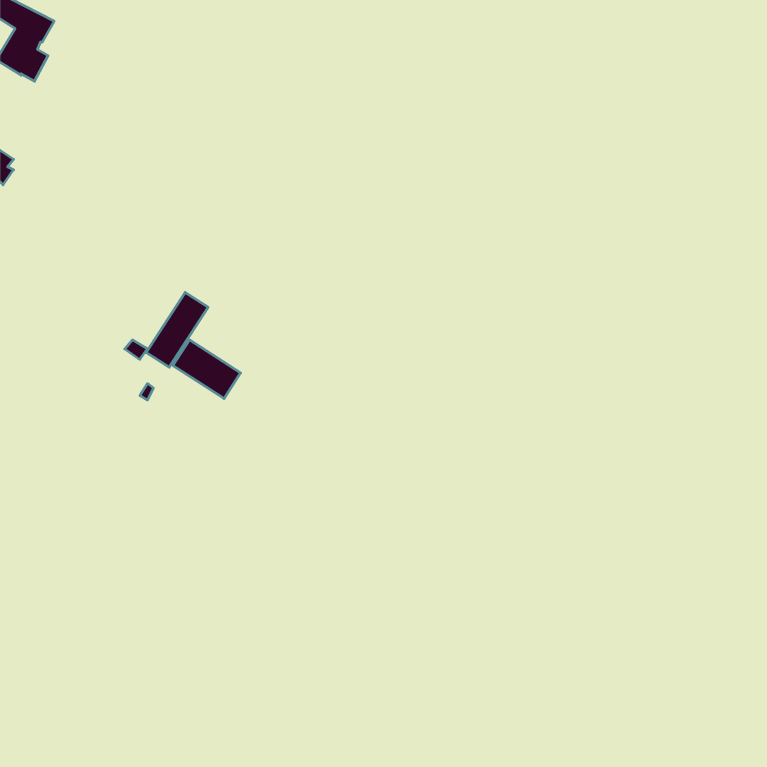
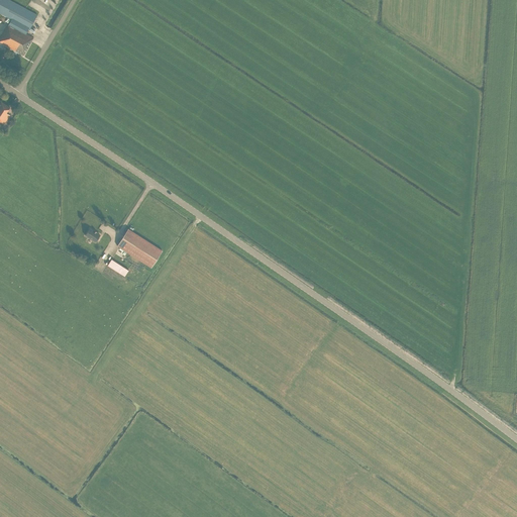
building: [146,292,208,367] -> none

